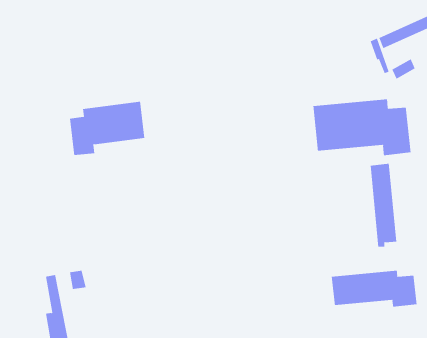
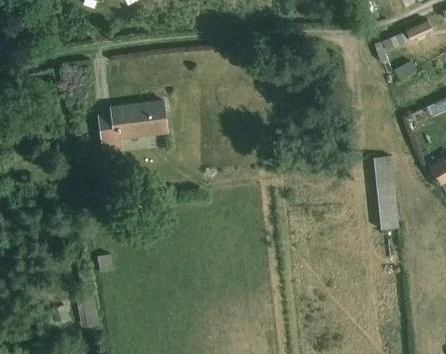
building: [313,99,411,156] -> none
building: [331,270,417,308] -> none

